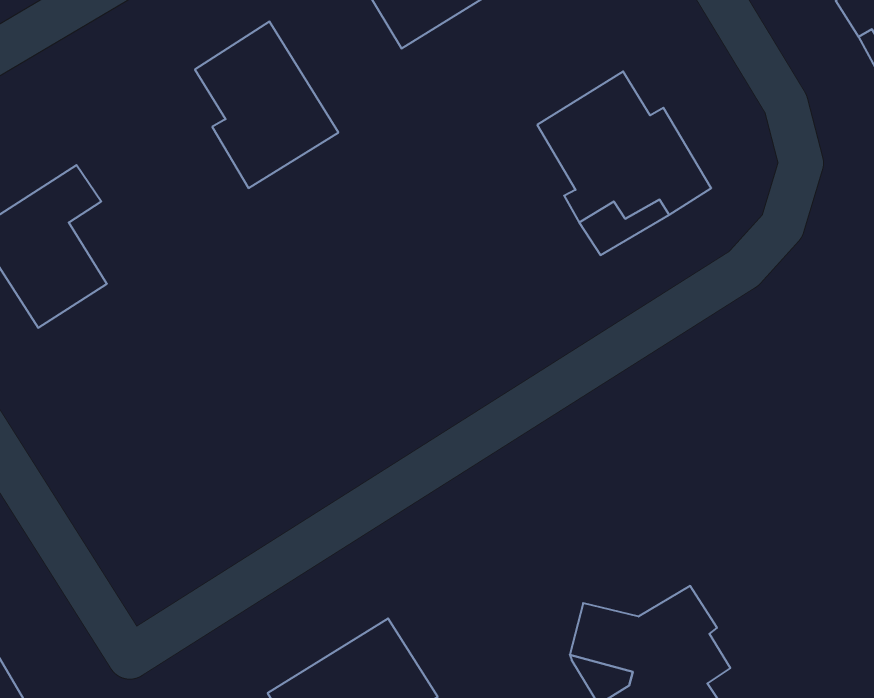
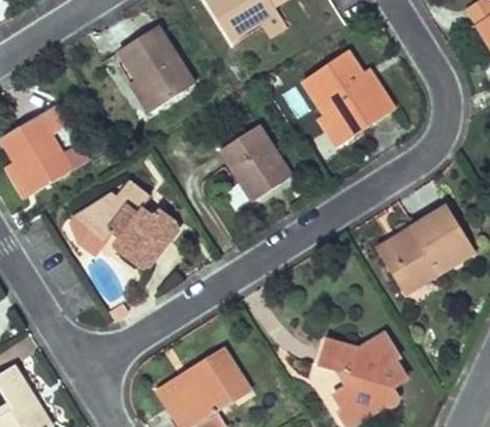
building: none -> [214,123,285,200]
building: none -> [80,181,180,269]
building: none -> [379,209,471,294]

